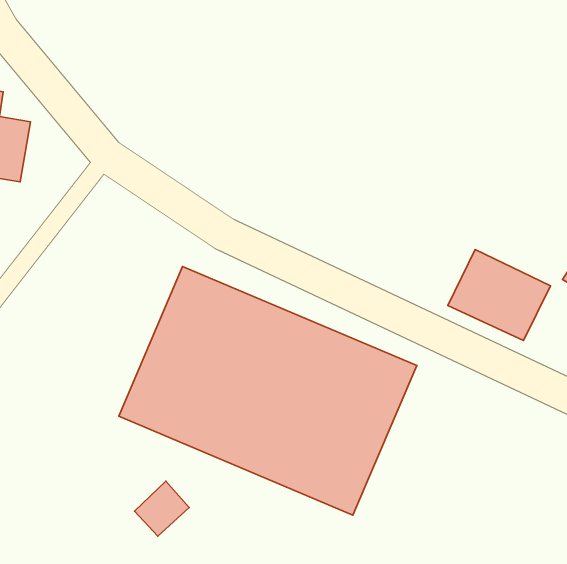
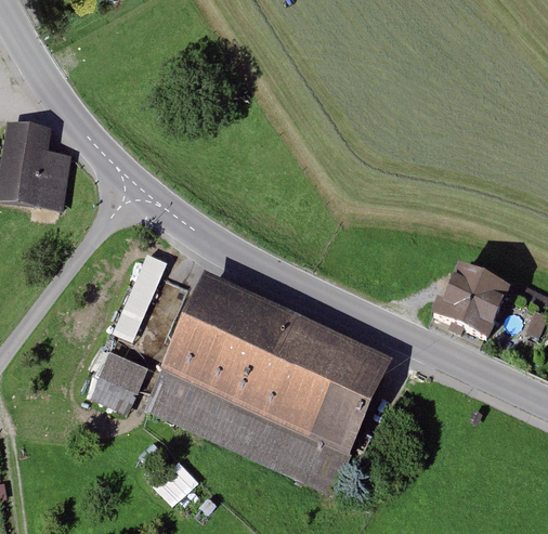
building: none -> [115,247,169,336]
building: none -> [86,352,145,409]

